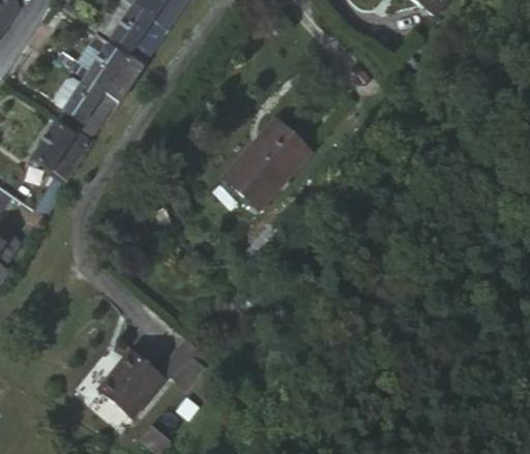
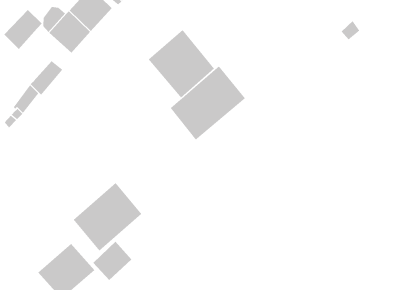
building: none -> [148,29,215,99]
building: [32,117,77,167] -> [4,9,42,50]
building: none -> [73,182,142,251]

